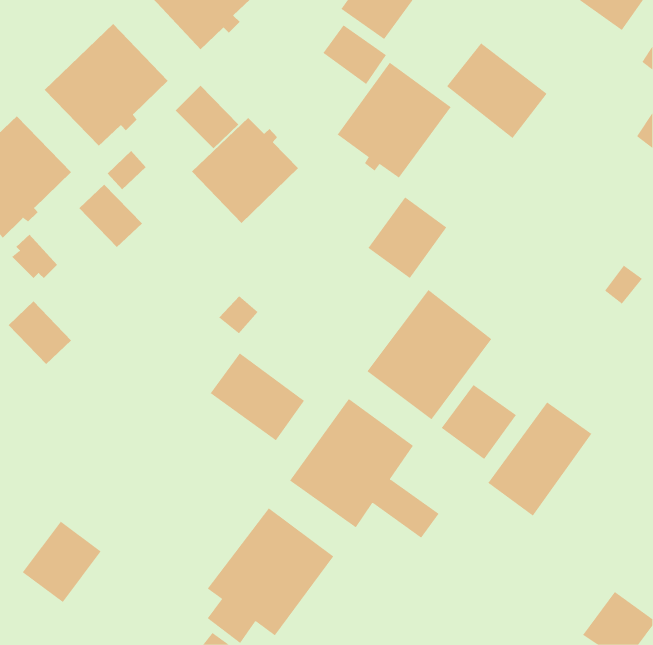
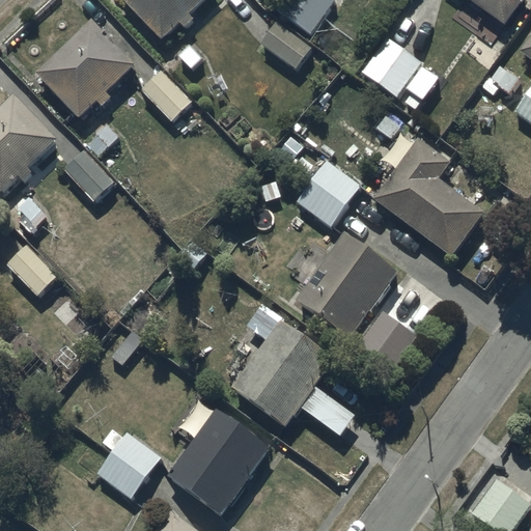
building: [337,62,452,179] -> none
building: [191,117,299,224] -> none
building: none -> [371,139,483,257]
building: [210,353,305,441] -> none
building: [488,402,592,517] -> none
building: [22,521,102,603] -> [97,430,162,497]

